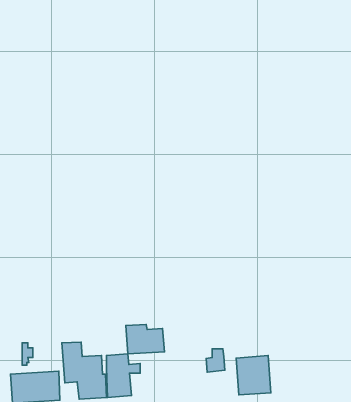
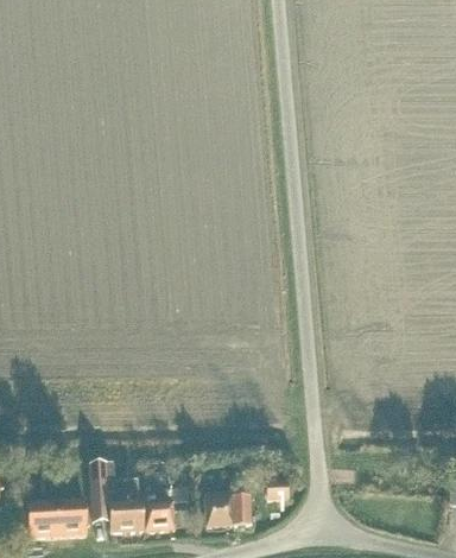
building: [126,325,165,354] -> [204,490,252,526]
building: [236,355,271,395] -> none

